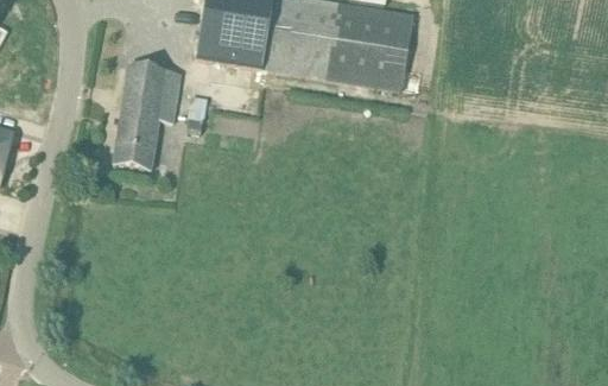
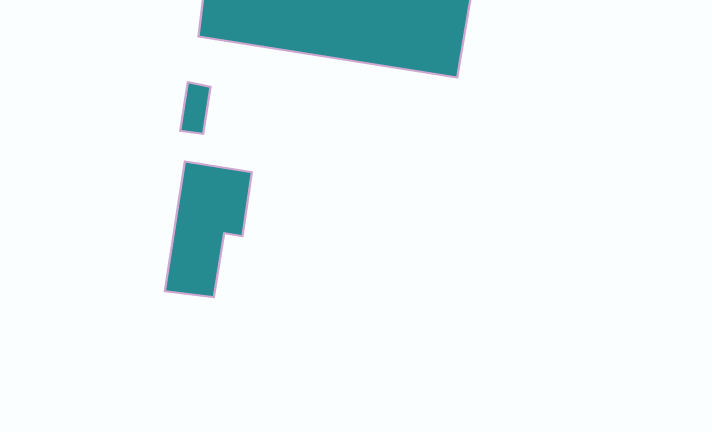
building: [113,63,180,169] -> [165,162,252,297]

